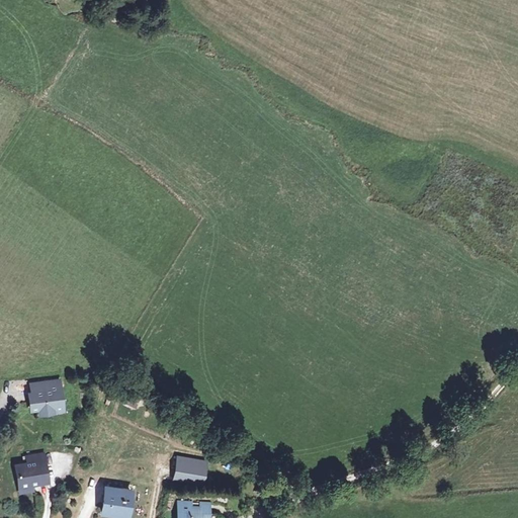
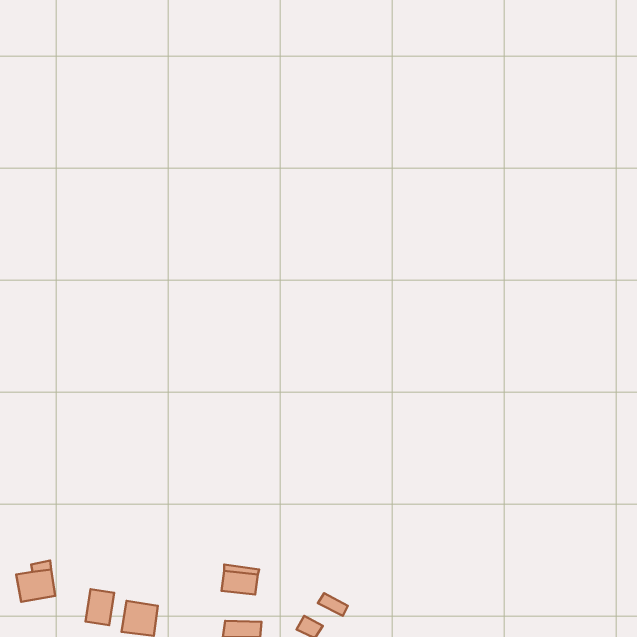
building: [29,381,64,416] -> none
building: none -> [85,589,114,625]

